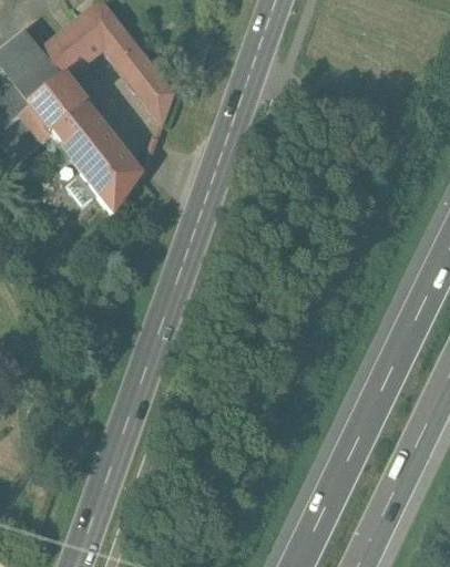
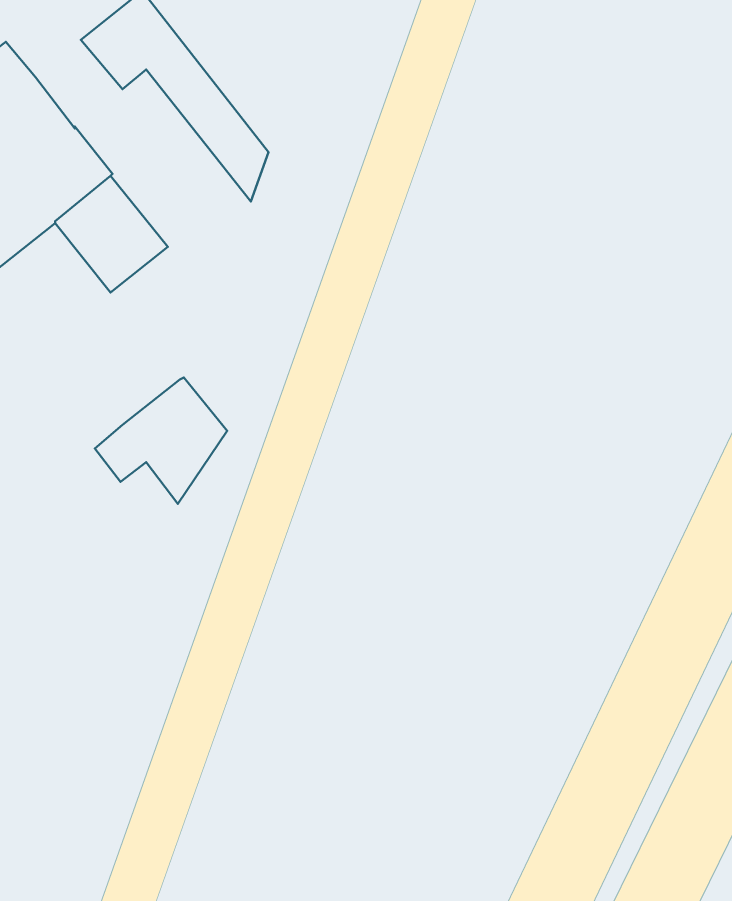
building: [42,27,91,76] -> none
building: [69,142,143,213] -> [95,377,227,504]

